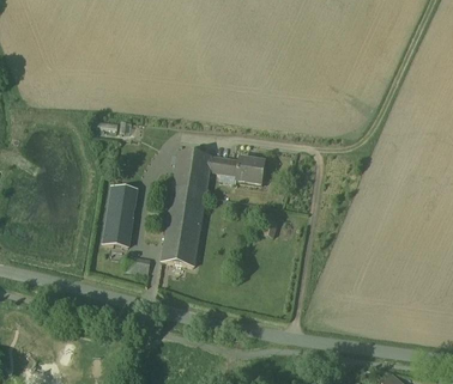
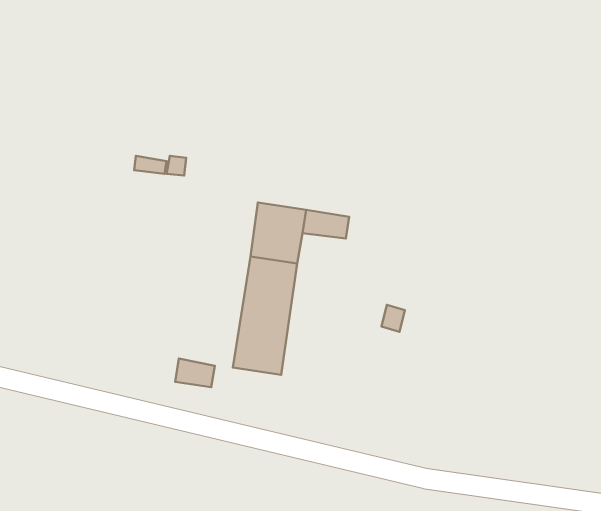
building: [236,159,266,185] -> none
building: [103,185,137,248] -> none

